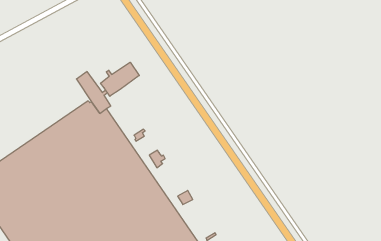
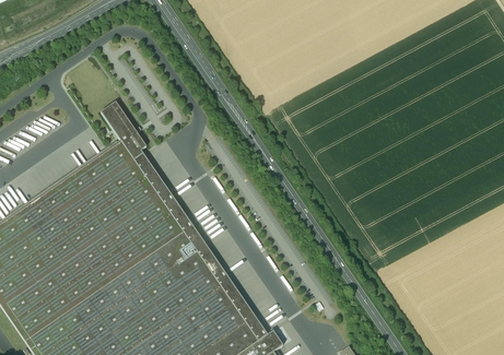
building: [101,62,139,96] -> none

